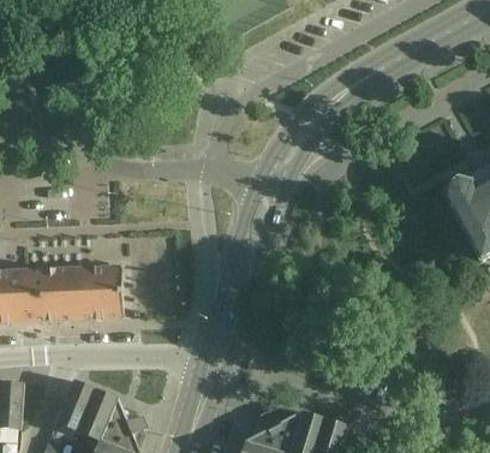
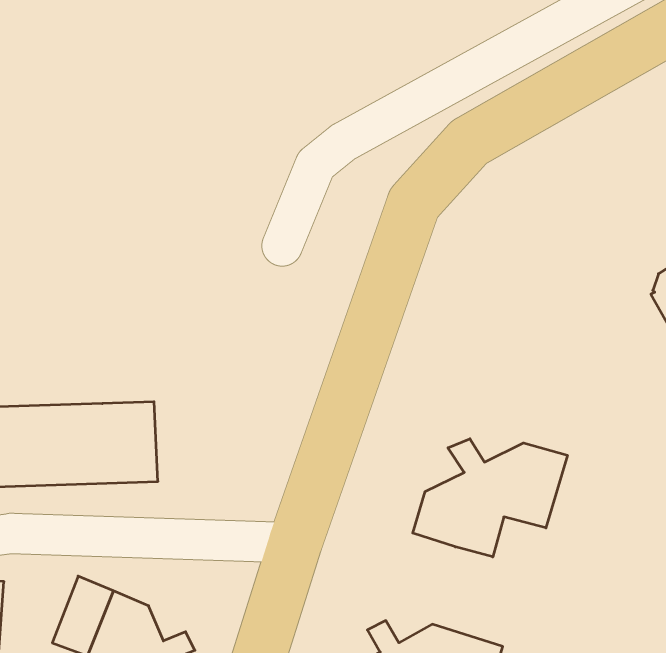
building: none -> [413,439,567,557]

